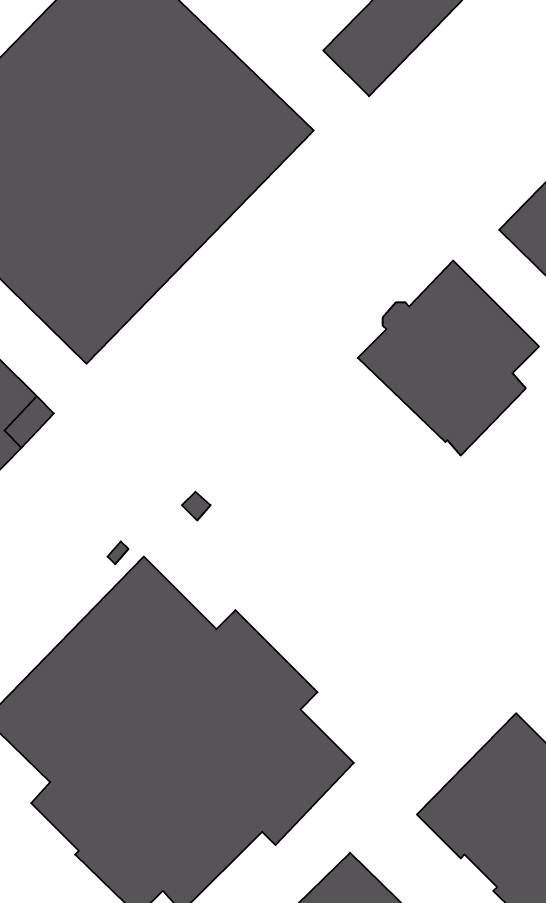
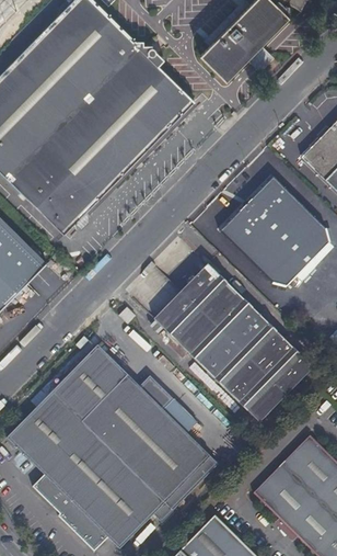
building: none -> [153,263,313,422]

